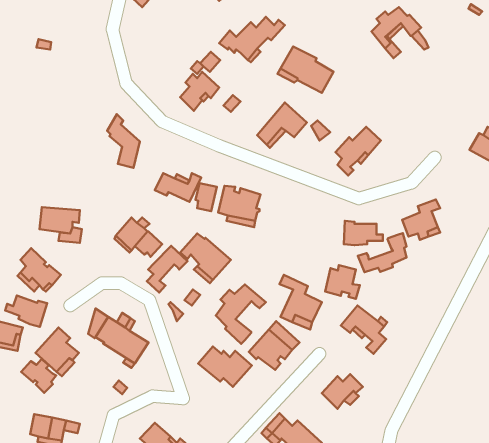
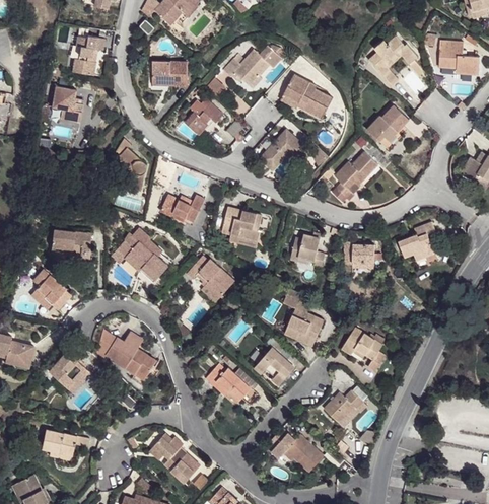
building: none -> [72,39,104,77]
building: none -> [438,40,478,75]
building: none -> [152,63,187,88]
building: none -> [53,89,83,124]
building: none -> [367,99,409,137]
building: [195,183,217,211] -> none
building: [358,233,407,272] -> none
building: [147,246,188,292] -> none
building: [325,265,360,299] -> [291,235,325,268]
building: [216,284,266,344] -> none
building: [5,295,47,327] -> none
building: [21,359,56,393] -> none

